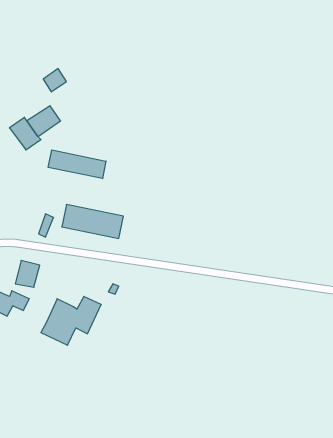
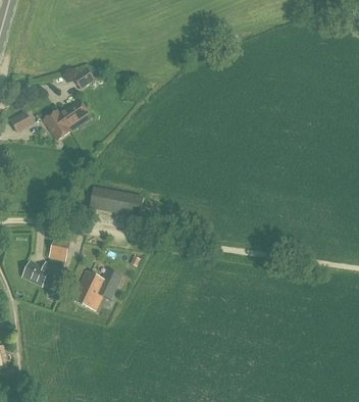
building: [48,150,106,179] -> none

